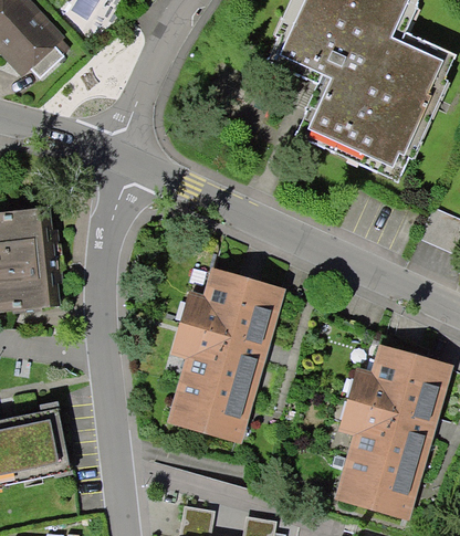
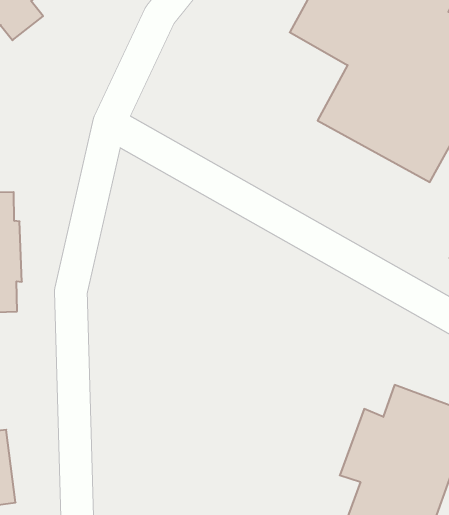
building: [169,272,280,440] -> none

